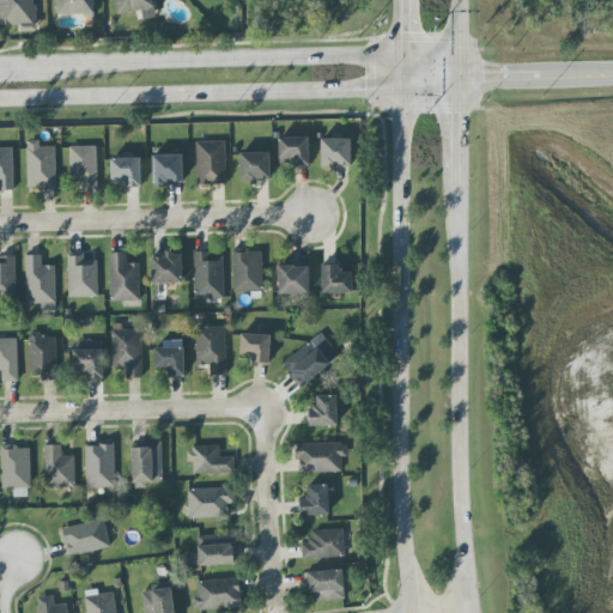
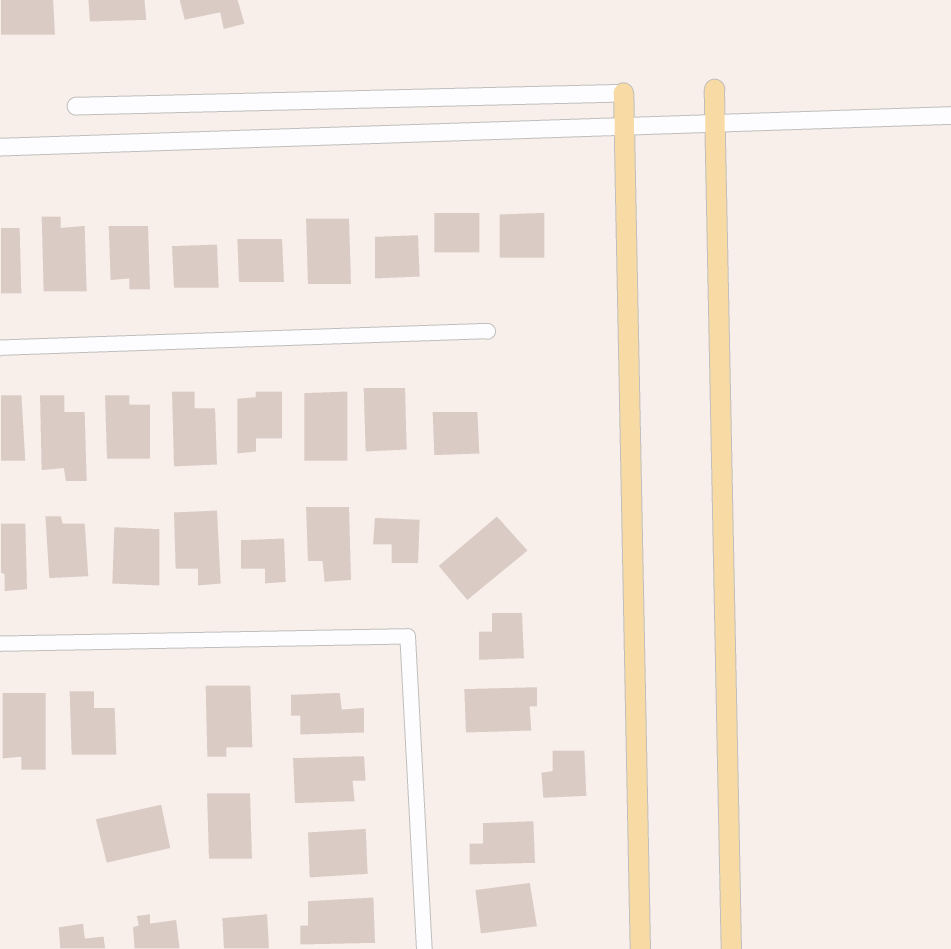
building: [321,263,352,292] -> none
building: [85,443,115,486] -> [206,793,253,859]
building: [299,484,329,515] -> [541,750,587,798]

